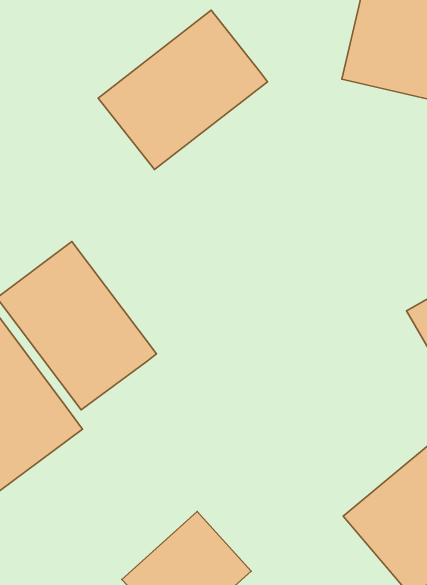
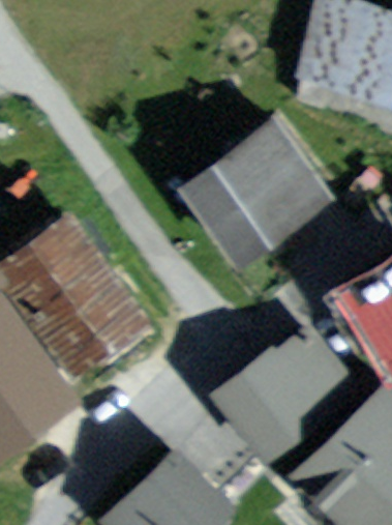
building: [98,10,268,170] -> none
building: none -> [183,122,327,263]
building: none -> [222,328,353,455]

